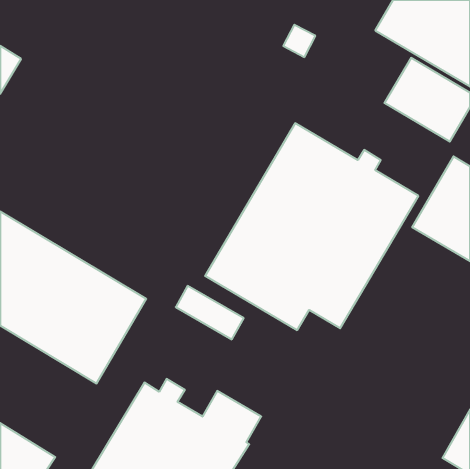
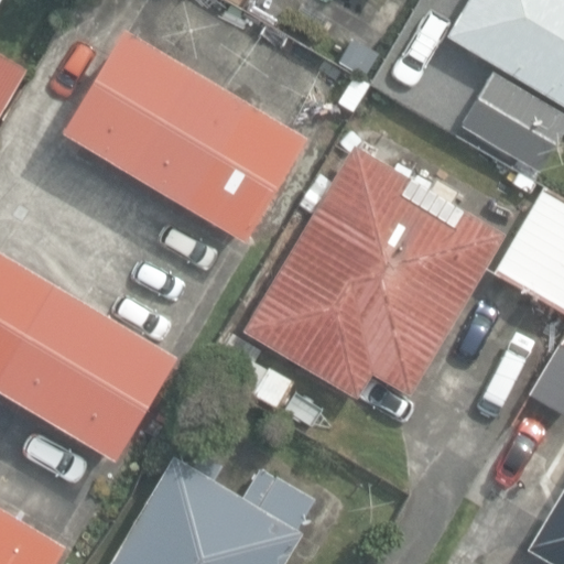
building: none -> [61,32,305,241]

